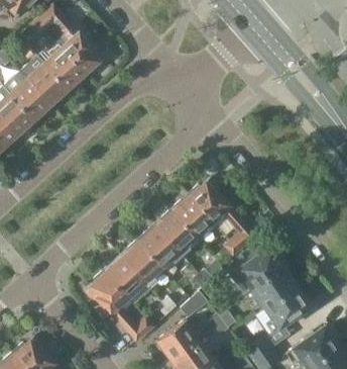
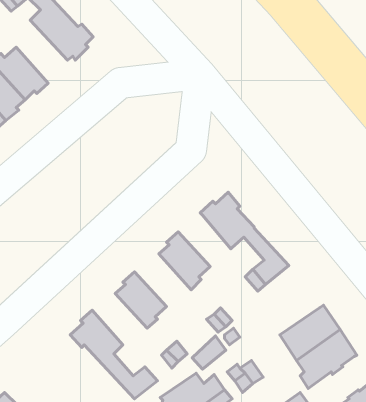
building: [43,41,84,91] -> none
building: [170,195,215,236] -> none
building: [136,225,181,267] -> none
building: [236,244,286,289] -> none
building: [103,257,146,297] -> none

